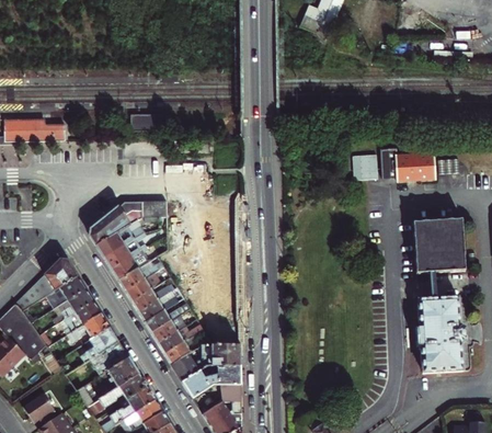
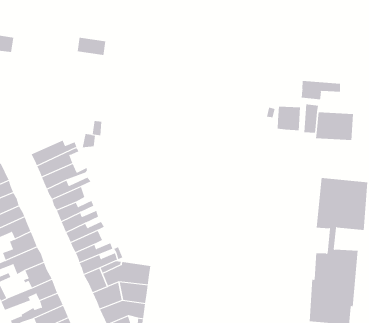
building: none -> [301,80,341,100]
building: [92,201,146,244] -> none

